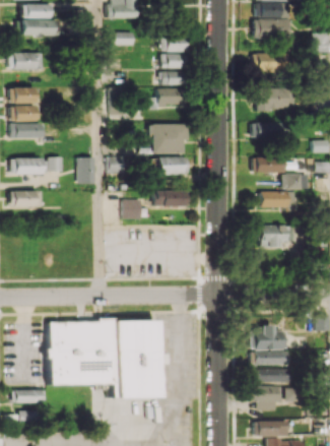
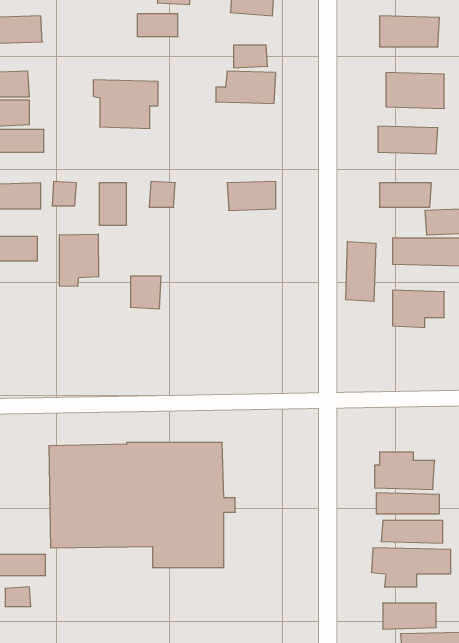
building: [161,54,187,68] -> [137,14,178,37]
building: [148,124,189,154] -> [93,80,158,129]
building: none -> [59,234,99,286]
building: [154,191,187,206] -> none
building: none -> [346,241,376,302]
building: [123,199,142,219] -> [130,276,161,309]

